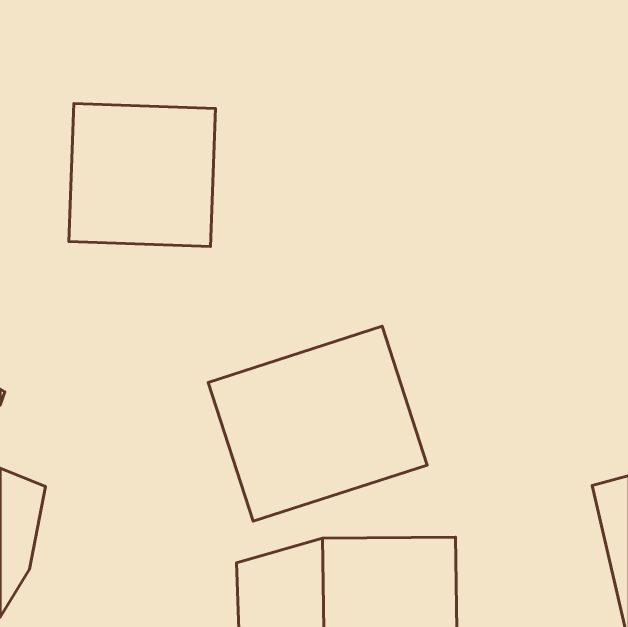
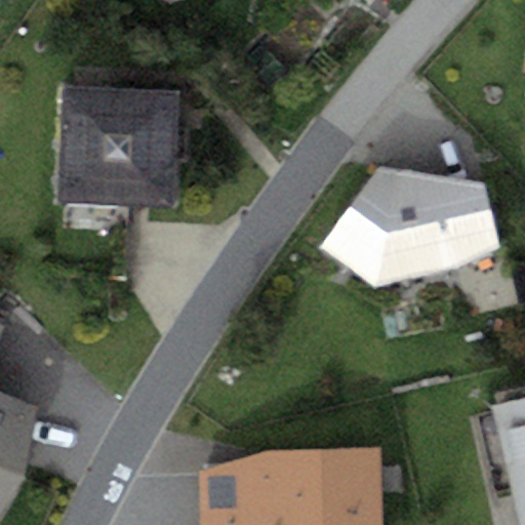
building: none -> [321,166,503,289]
building: [208,326,427,521] -> none

